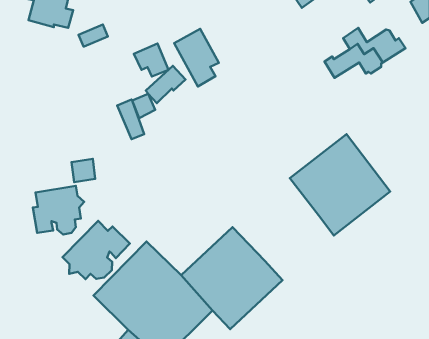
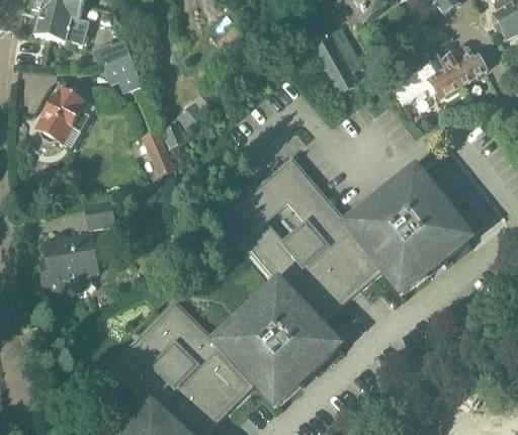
building: [174,29,219,86] -> [309,26,362,95]
building: [134,44,169,76] -> [101,54,143,93]
building: none -> [34,83,89,145]
building: none -> [223,156,382,323]
building: [62,221,130,279] -> none

